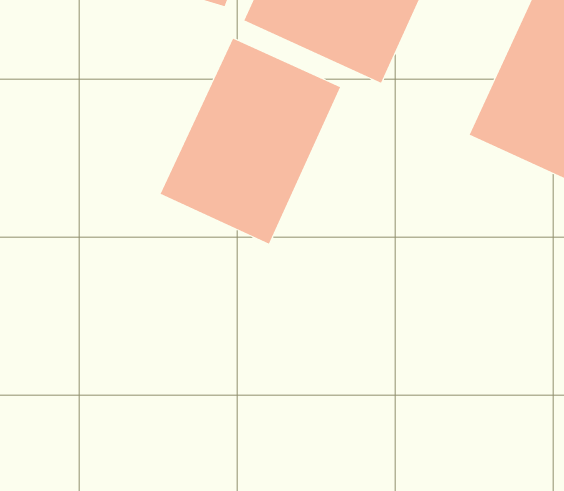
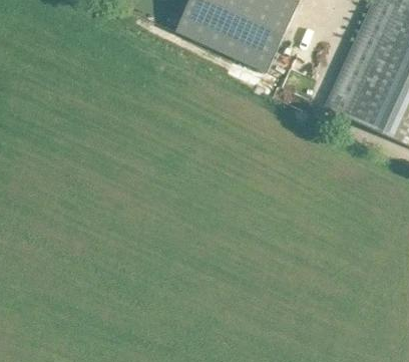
building: [160,38,341,244] -> none

